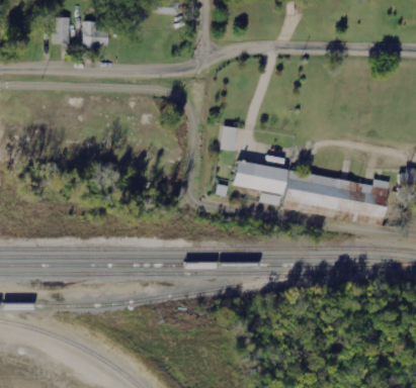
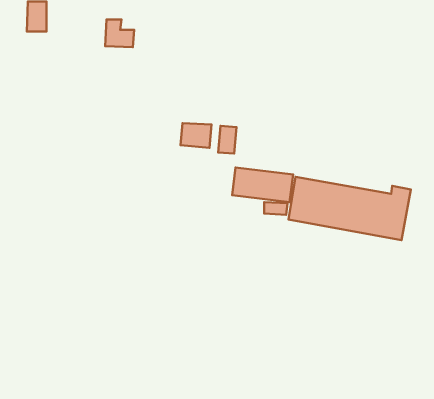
building: [83,20,108,44] -> [105,20,134,47]
building: none -> [180,123,211,148]

